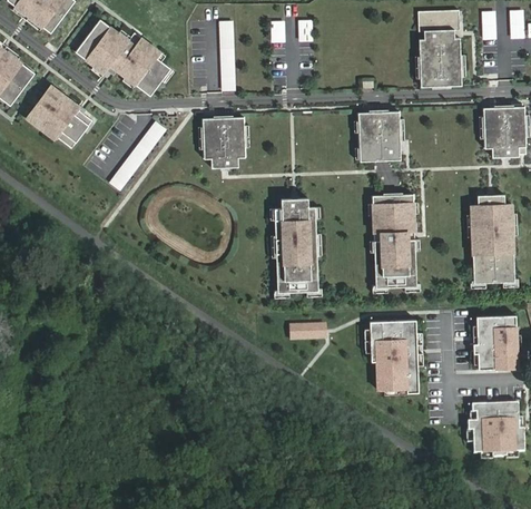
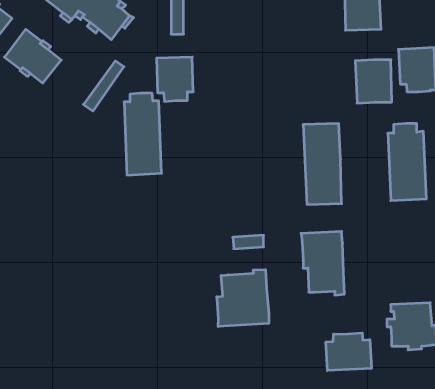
building: [356,111,399,161] -> [355,60,392,103]
building: [275,198,318,293] -> [124,93,162,175]
building: [472,314,518,369] -> none
building: none -> [217,270,269,327]
building: none -> [326,333,371,371]

